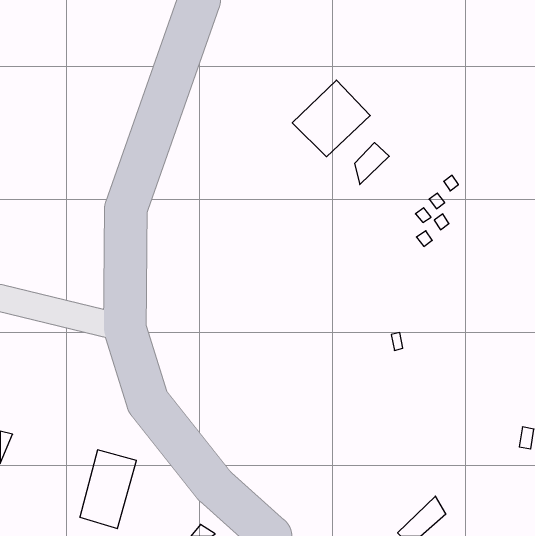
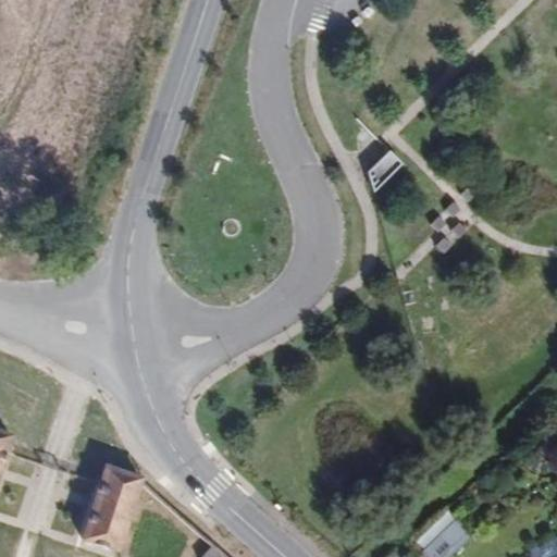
building: [292,80,370,157] -> none

